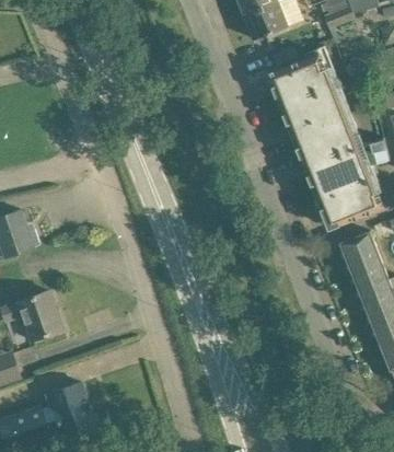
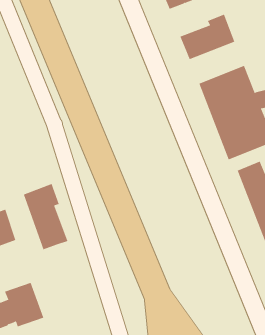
building: [279,80,349,132] -> none
building: none -> [23,183,68,250]

